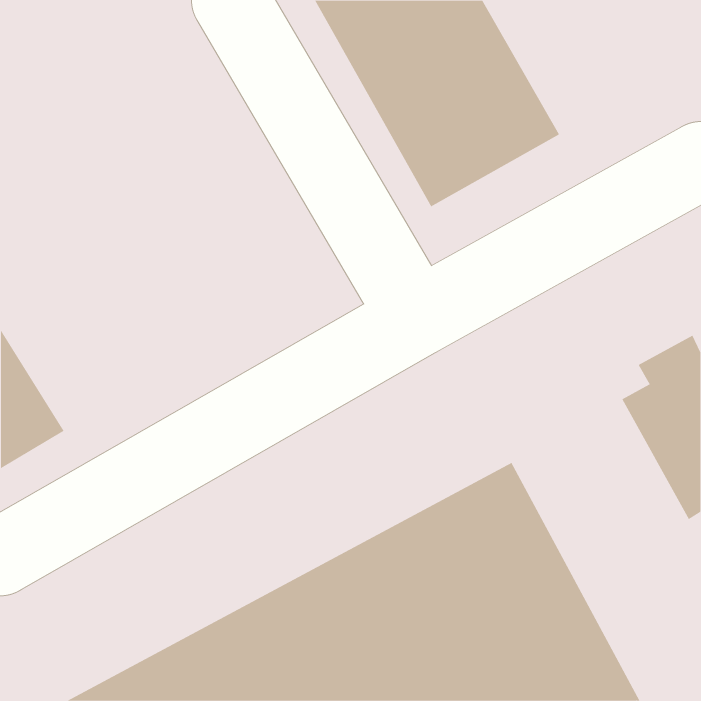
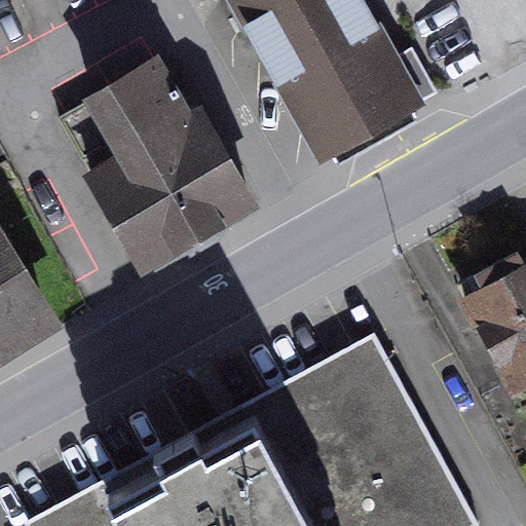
building: none -> [59,63,253,267]

